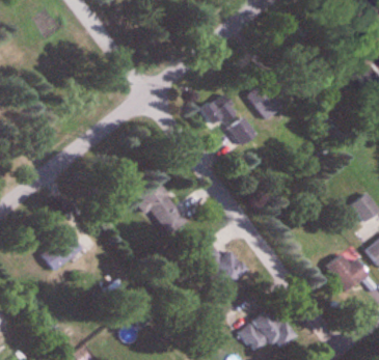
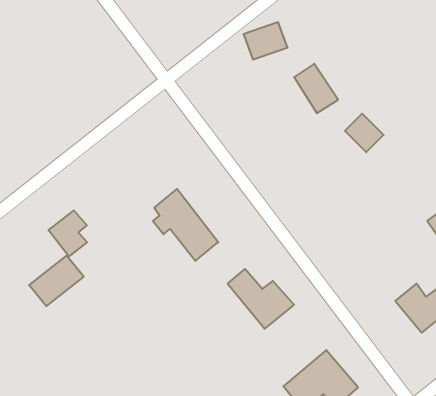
building: [199,96,234,126] -> [244,22,288,60]
building: [227,117,258,147] -> [345,114,384,152]
building: none -> [48,210,87,257]

